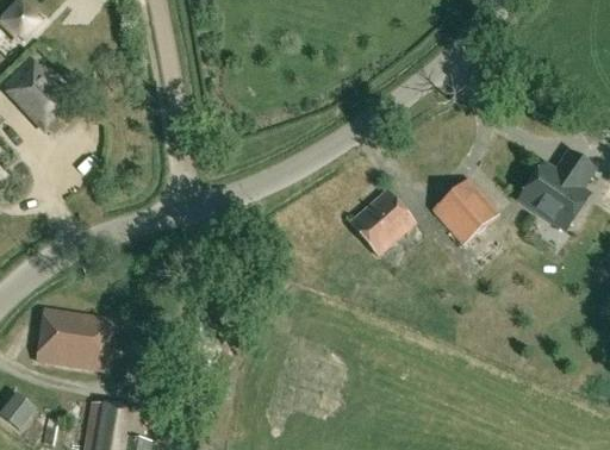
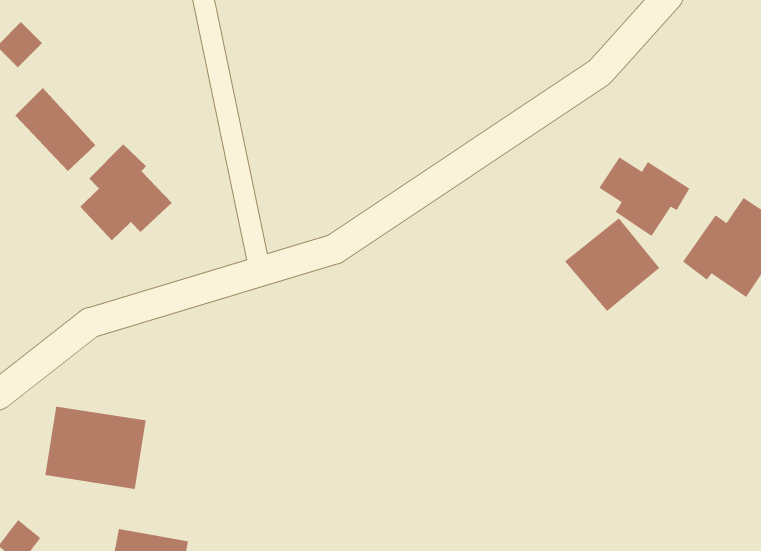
building: none -> [80,144,172,241]
building: none -> [599,157,690,237]
building: [349,189,415,255] -> none

